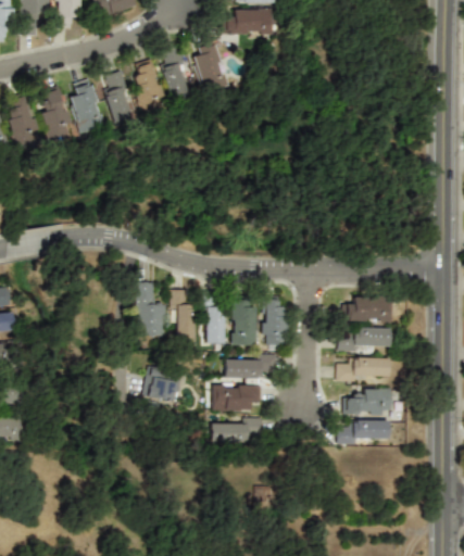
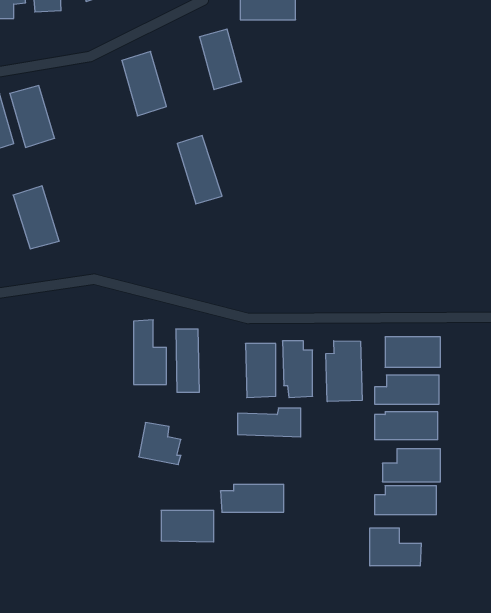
building: [159,47,196,103] -> [177,136,222,204]
building: [101,72,134,123] -> none
building: [67,81,105,134] -> [13,186,59,249]
building: none -> [326,341,362,402]
building: [205,301,224,343] -> none
building: [213,386,256,412] -> [161,510,214,542]
building: none -> [370,528,421,566]

